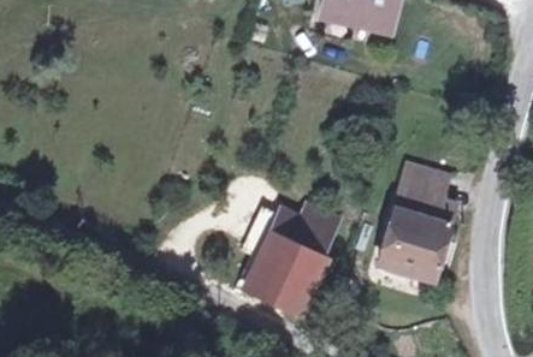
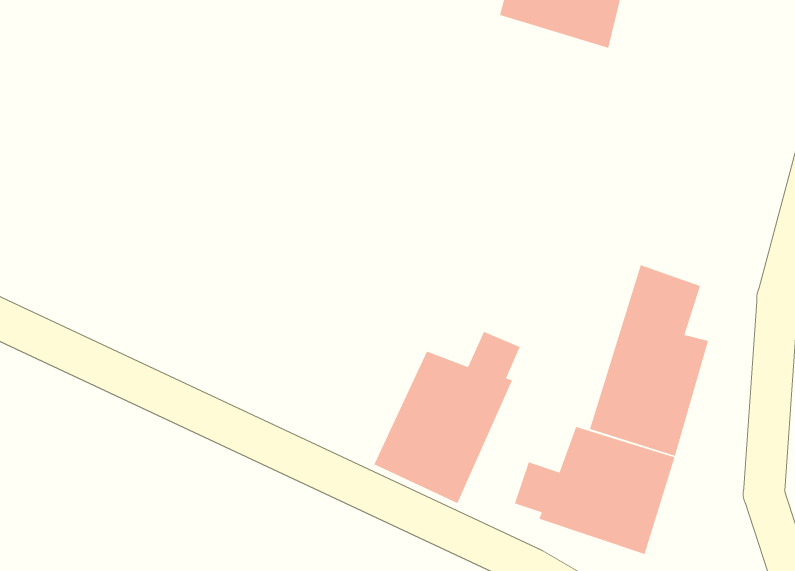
building: none -> [514,426,675,555]

